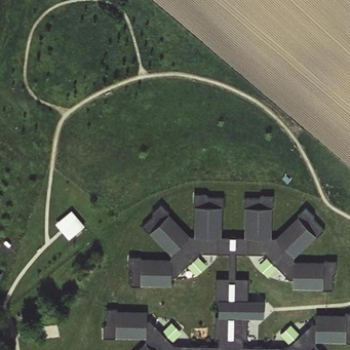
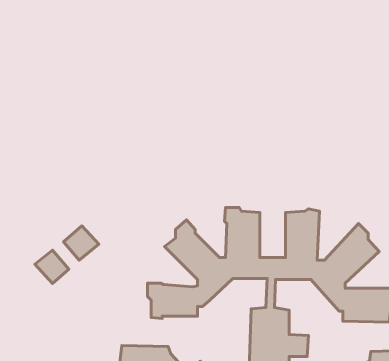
building: none -> [35,250,69,283]

